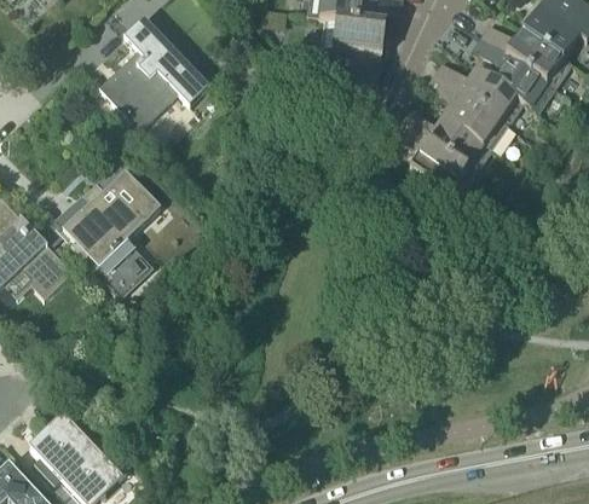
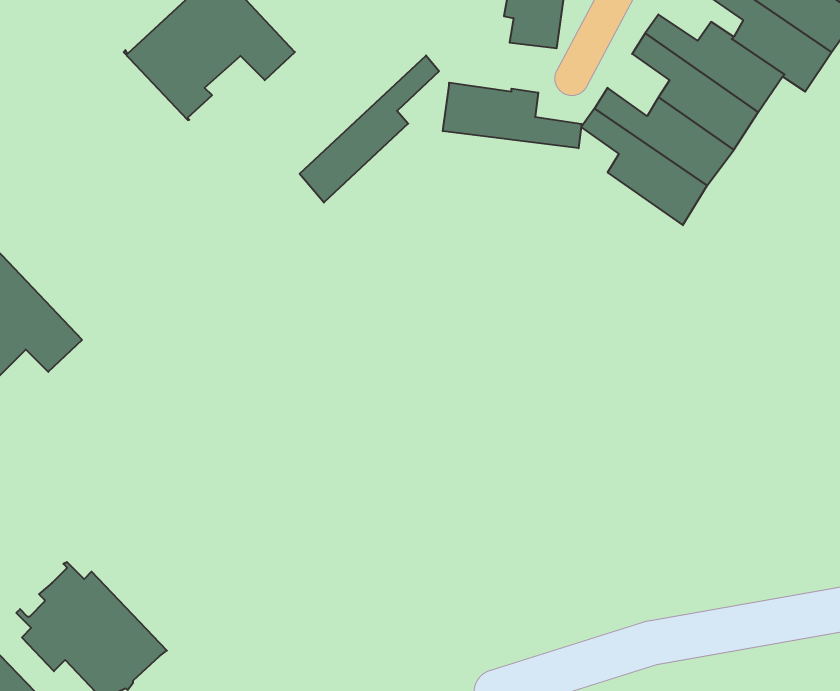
building: none -> [300,55,439,203]
building: none -> [443,83,582,148]
building: [63,170,161,297] -> none

